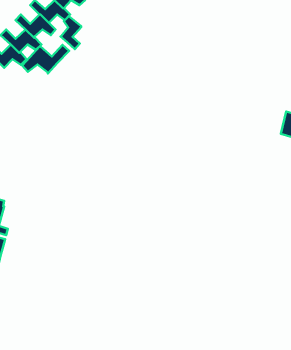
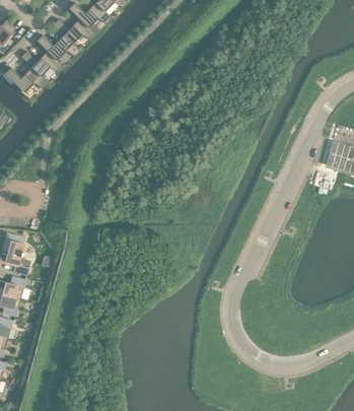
building: [60,16,81,49] -> none
building: [22,45,69,74] -> none

